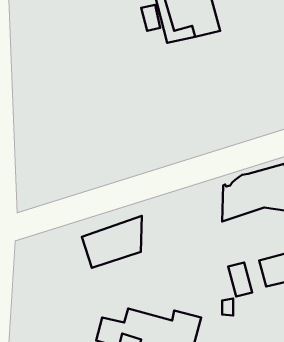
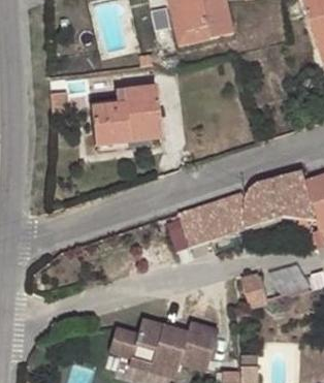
building: none -> [91,87,162,147]
building: [82,216,142,268] -> [176,193,238,247]

